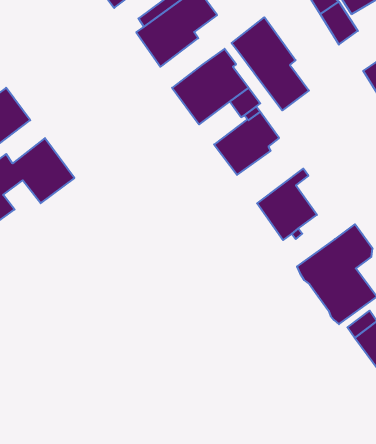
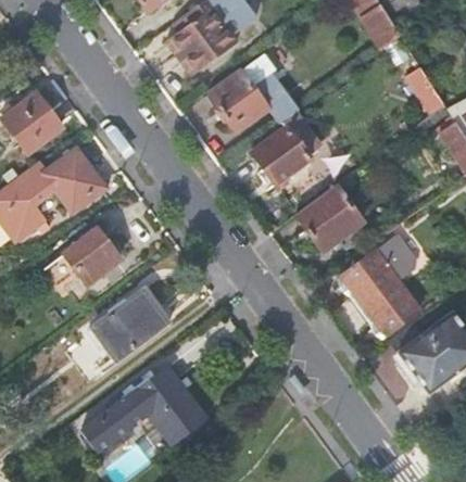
building: [232,17,309,110] -> none
building: none -> [45,228,121,284]
building: none -> [90,289,169,360]
building: none -> [81,365,206,453]

